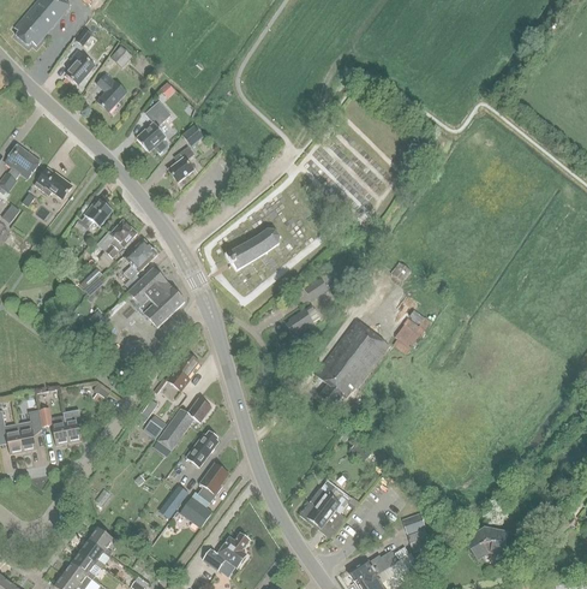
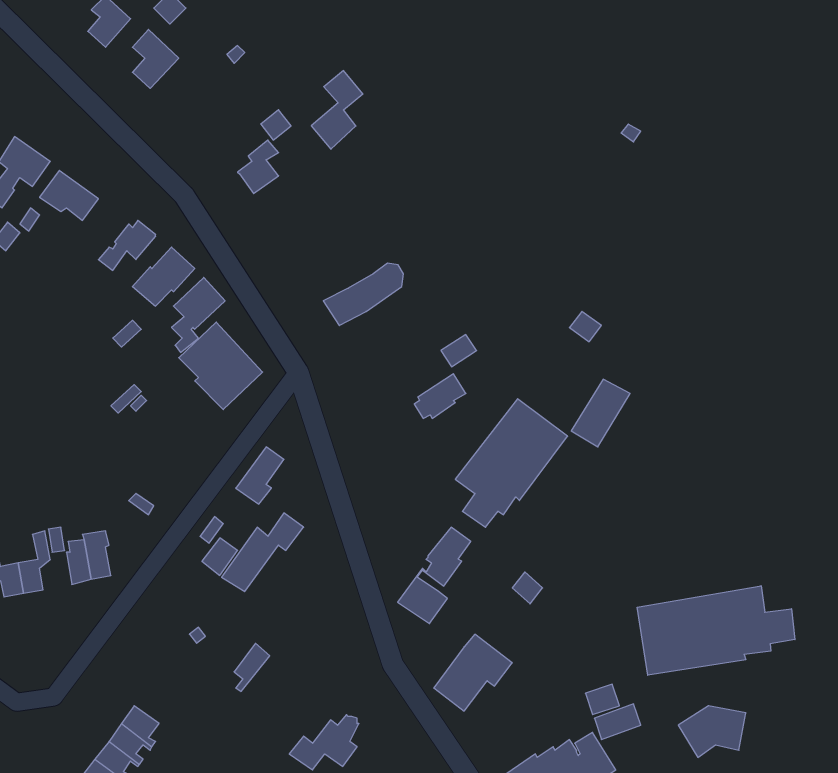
building: [136,99,170,151] -> [311,71,363,149]
building: [186,430,218,466] -> none
building: none -> [637,586,795,675]
building: [179,463,228,528] -> [398,527,471,624]

